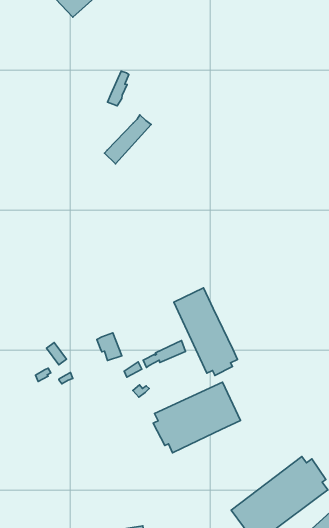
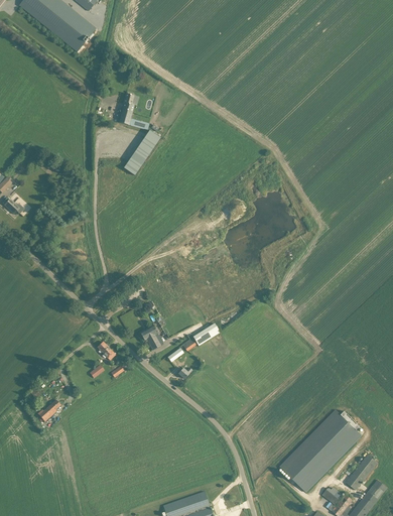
building: [174,288,238,376] -> none
building: [153,382,241,453] -> none

